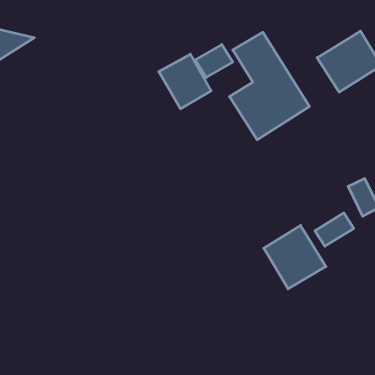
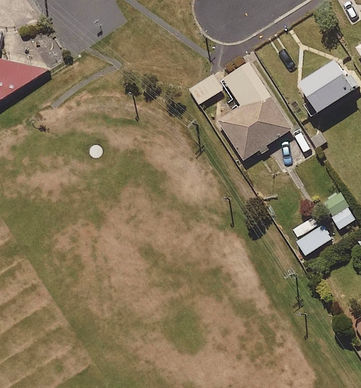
building: [159,54,211,109] -> none
building: [264,225,326,289] -> none

